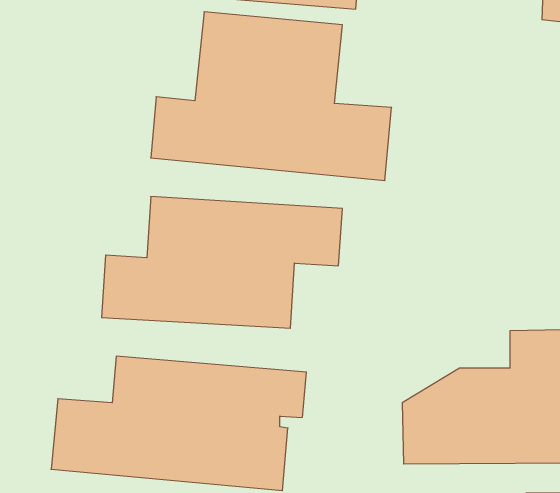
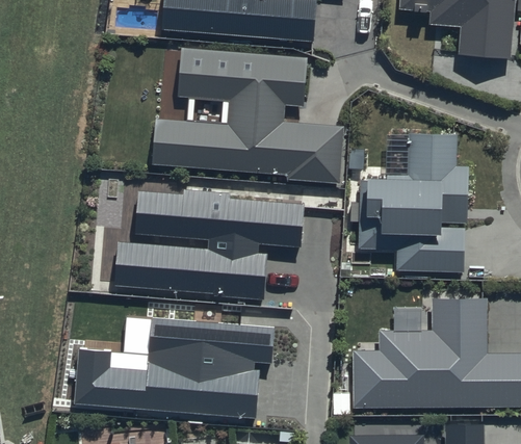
building: none -> [362,122,465,271]

